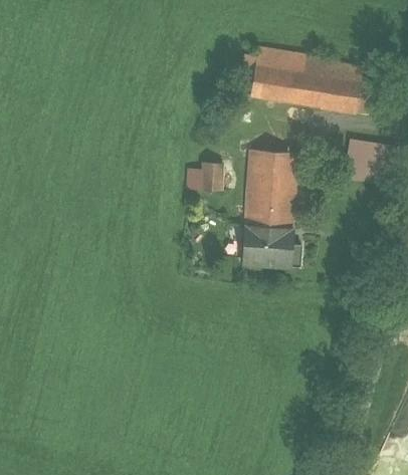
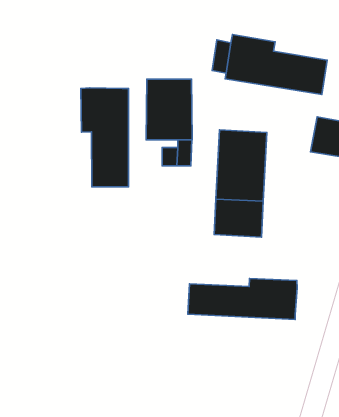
building: none -> [146,79,192,140]
building: none -> [81,88,128,187]
building: none -> [188,278,297,320]

